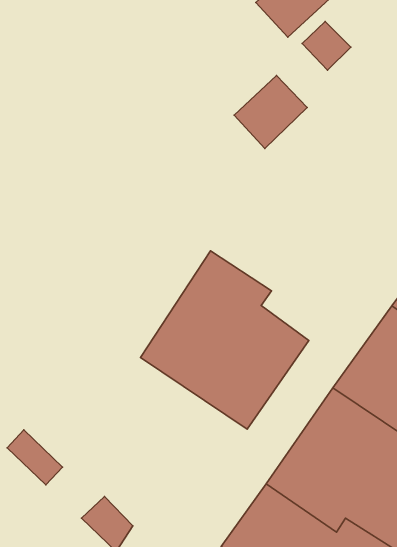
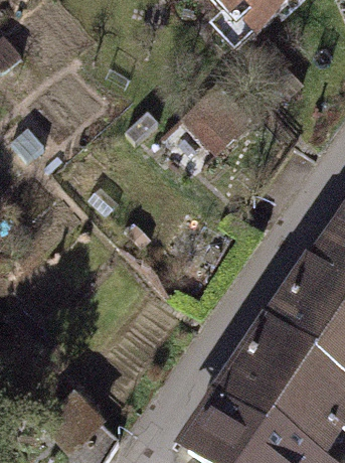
building: [140,251,309,429] -> none

